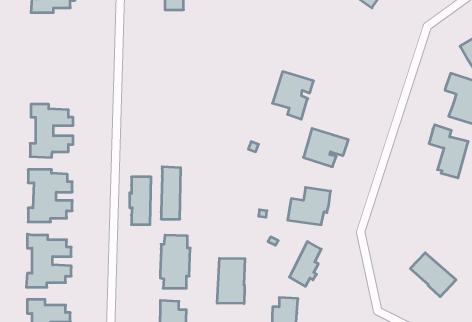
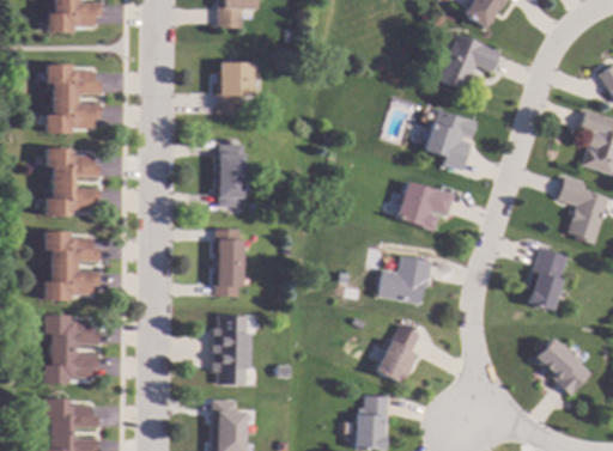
building: none -> [436,32,500,91]
building: none -> [218,62,254,114]
building: none -> [47,65,103,133]
building: [272,72,314,119] -> [424,109,477,170]
building: [130,177,151,225] -> [217,145,244,206]
building: none -> [528,249,568,310]
building: [217,258,245,304] -> none

